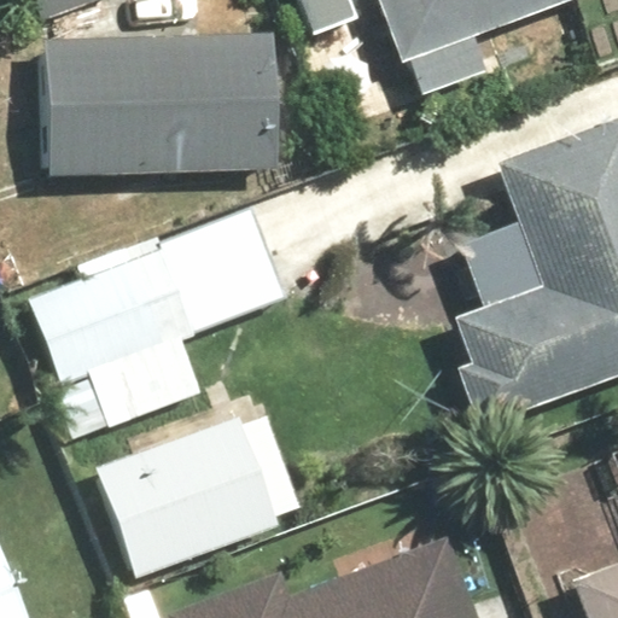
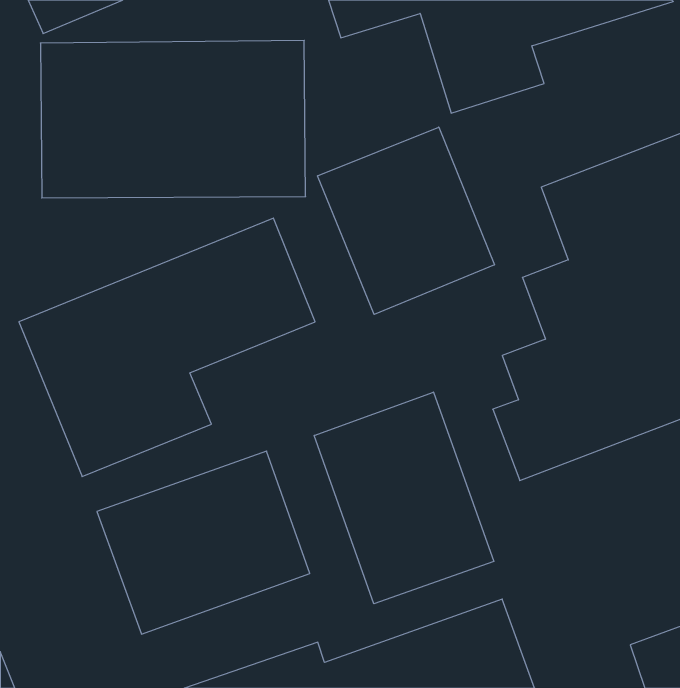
building: none -> [318,127,494,314]
building: none -> [314,392,494,604]

